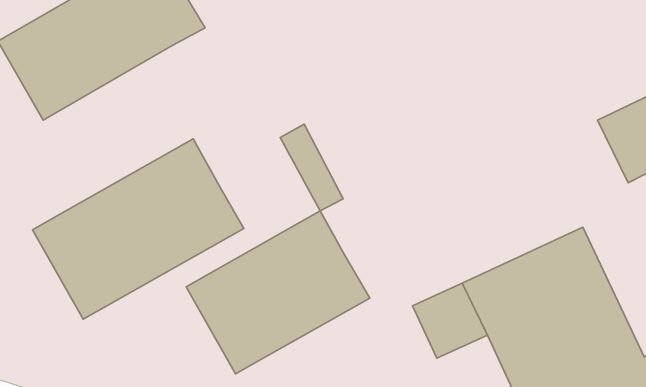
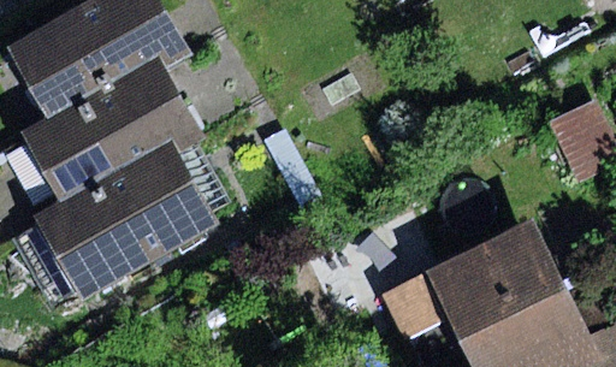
building: none -> [19,57,205,211]
building: [186,211,370,374] -> none

